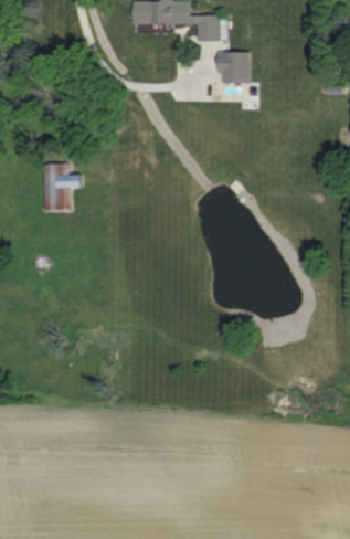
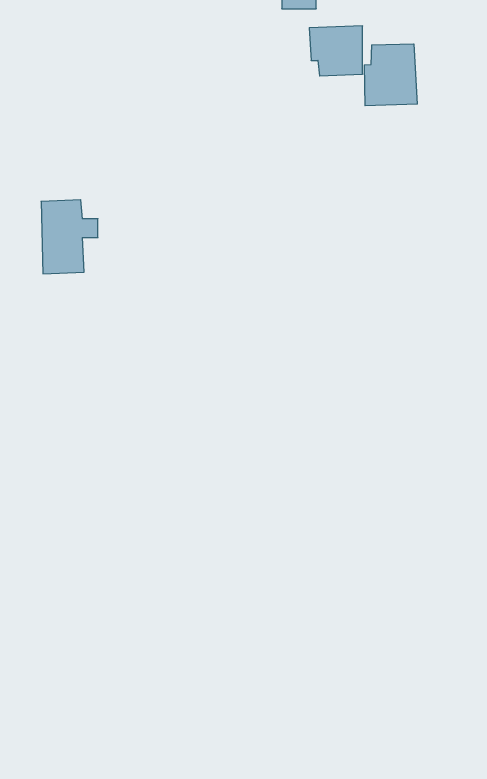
building: none -> [364,44,417,106]

